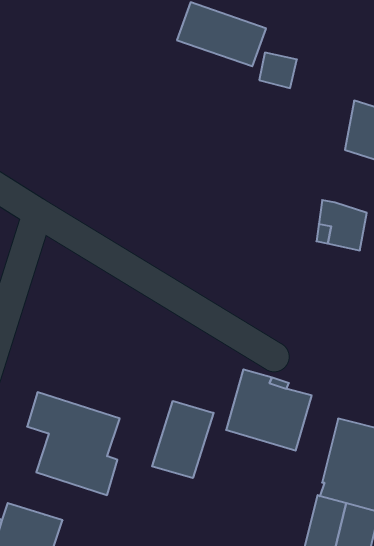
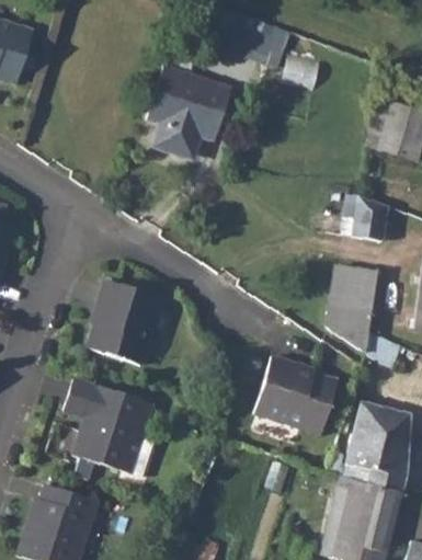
building: none -> [147,65,231,157]
building: none -> [326,263,378,352]
building: none -> [87,279,162,364]
building: [152,401,214,478] -> none

